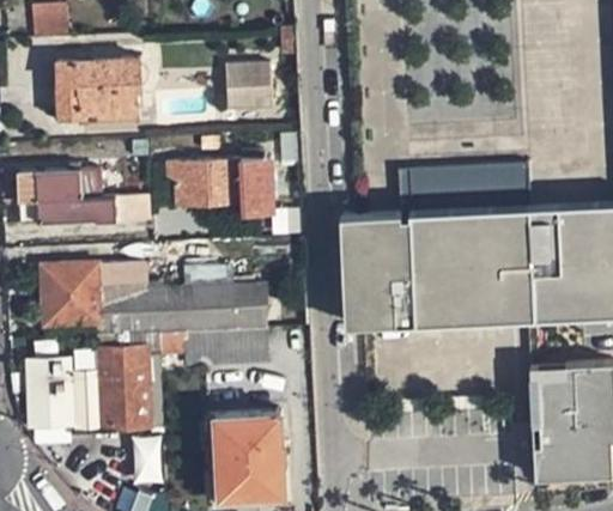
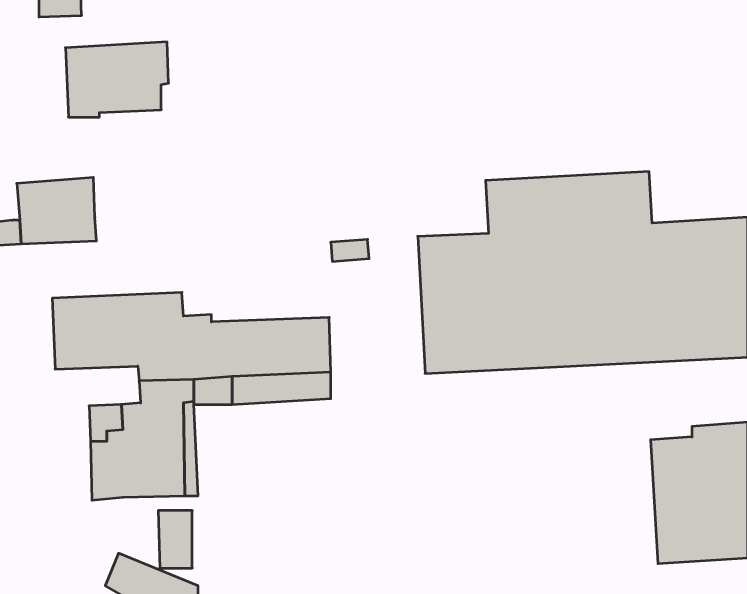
building: [221,61,271,112] -> none
building: [165,157,277,212] -> none
building: [78,197,144,225] -> none
building: [25,359,72,426] -> none
building: [210,412,286,493] -> none

